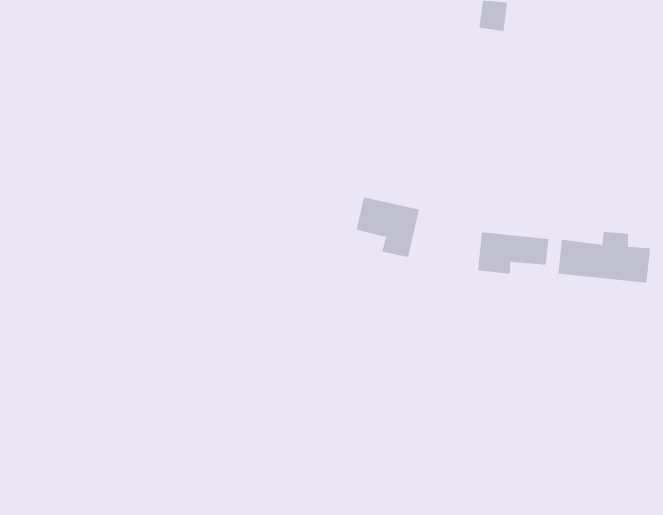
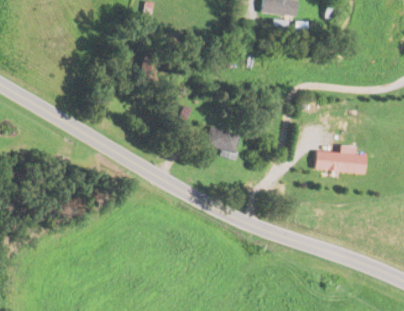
building: [478,232,549,275] -> none

